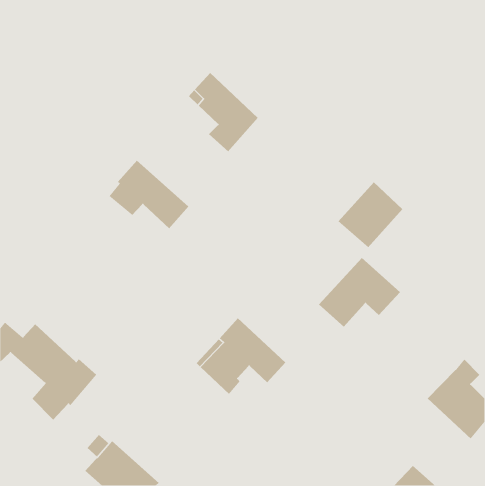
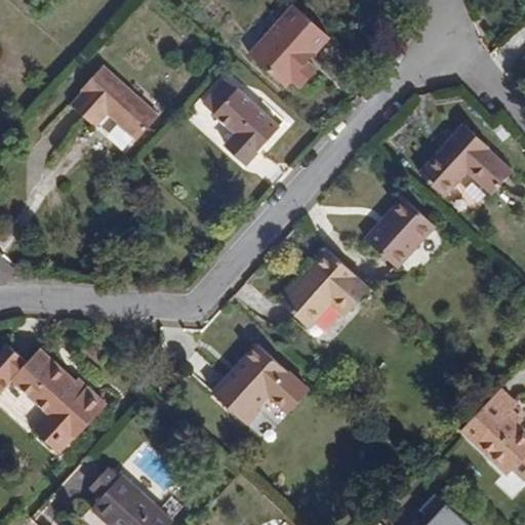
building: none -> [250,6,330,88]
building: none -> [418,124,511,197]
building: [108,160,189,229] -> [70,66,157,140]
building: [318,257,401,327] -> [281,250,370,326]

